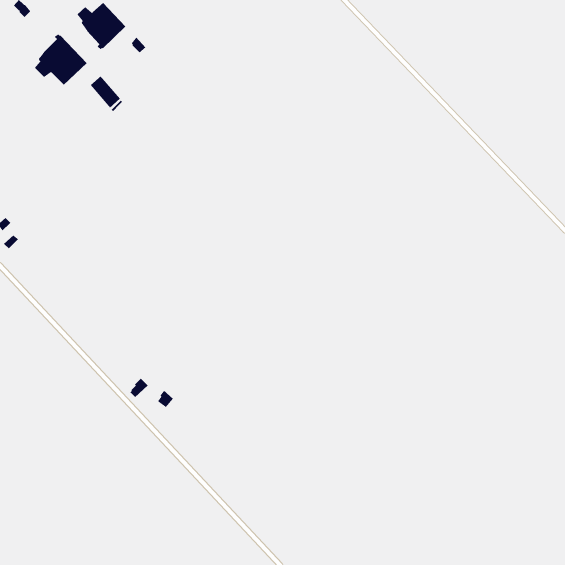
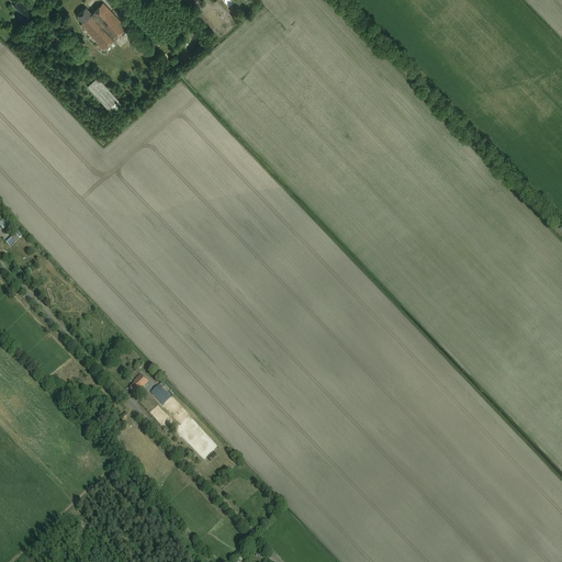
building: [34,33,87,86] -> none

